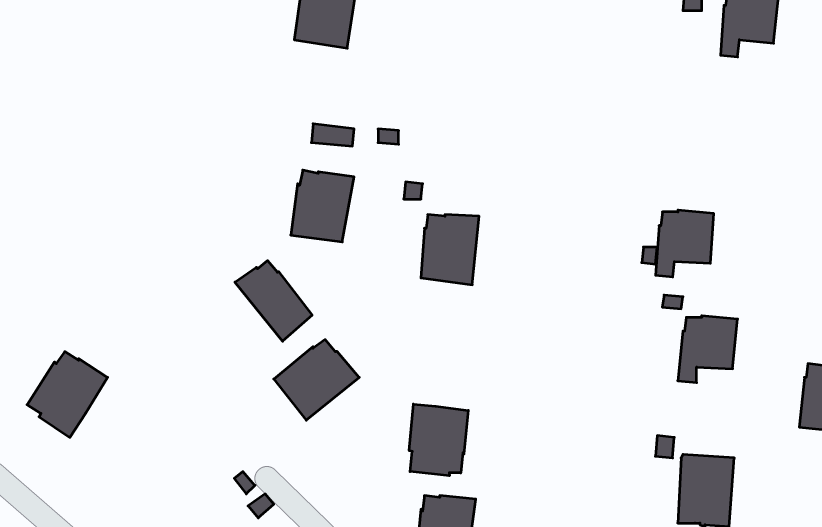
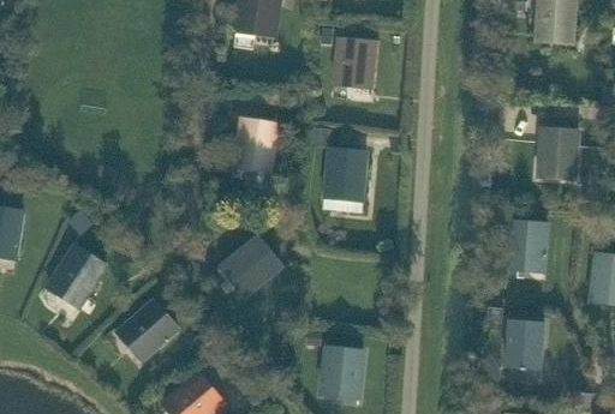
building: none -> [335,40,376,85]
building: [656,210,714,277] -> [538,130,579,176]
building: [235,261,312,341] -> none
building: [409,404,468,476] -> none
building: none -> [118,302,178,360]

